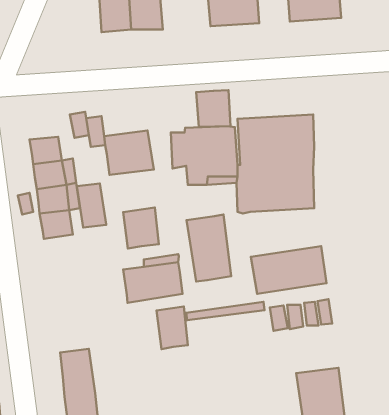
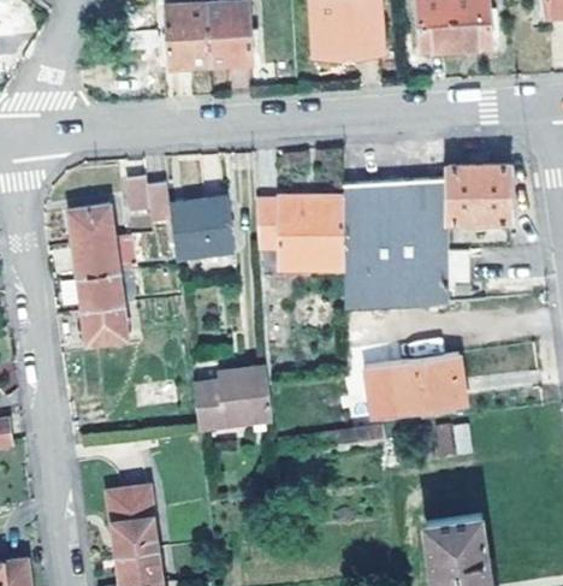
building: [196,90,230,127] -> none
building: none -> [449,165,515,220]
building: [77,183,106,228] -> none
building: [123,207,159,249] -> none
building: [187,215,231,281] -> none
building: [156,307,188,349] -> none

